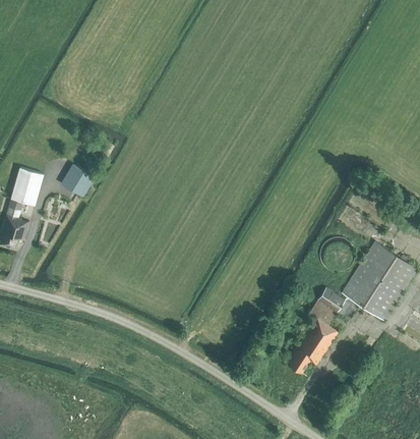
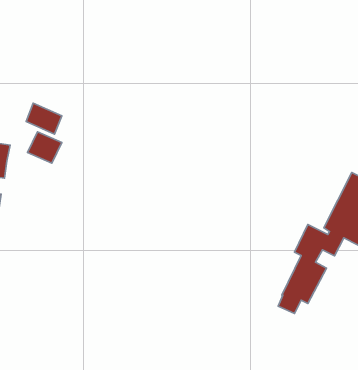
building: none -> [26,103,62,134]

